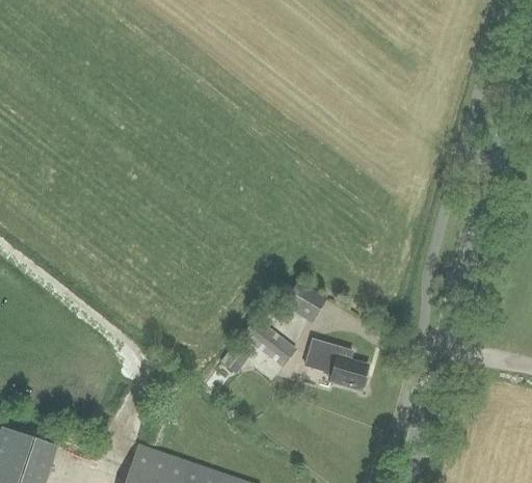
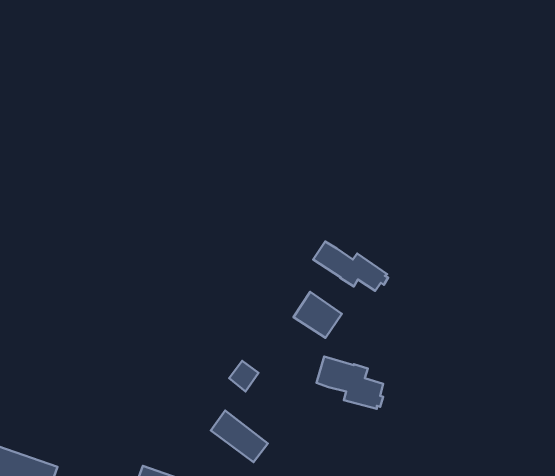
building: none -> [313,241,388,291]
building: [241,318,295,367] -> [211,411,268,462]

